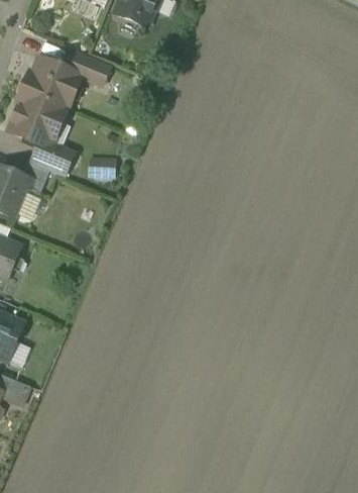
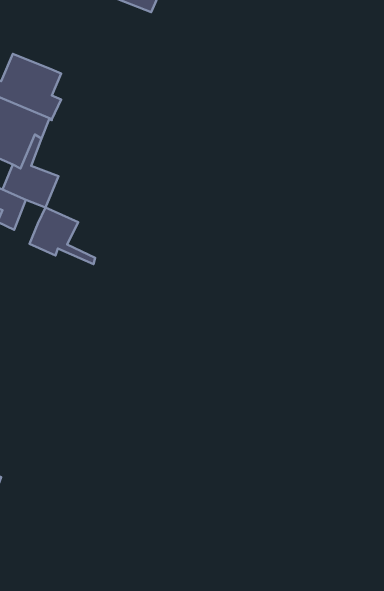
building: [69,52,110,93] -> none
building: none -> [29,207,95,264]

